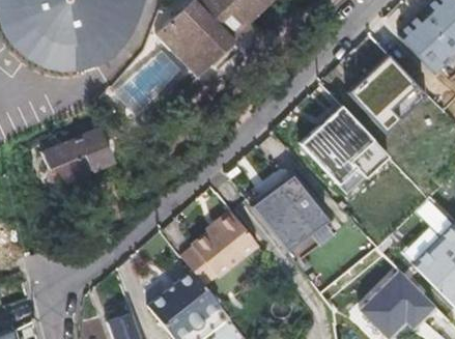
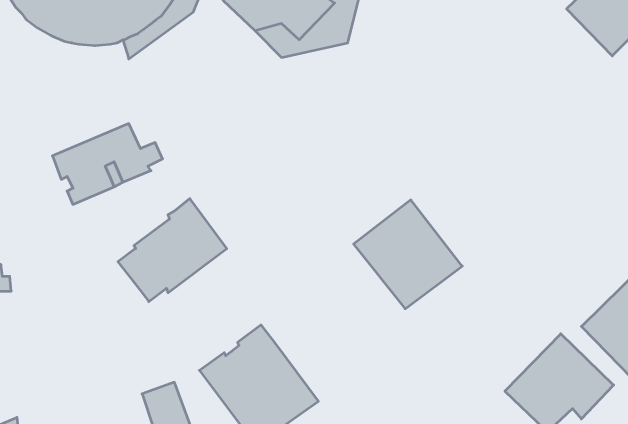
building: [350,57,425,132] -> none
building: [302,108,389,196] -> none
building: [176,205,253,278] -> [118,199,227,302]

